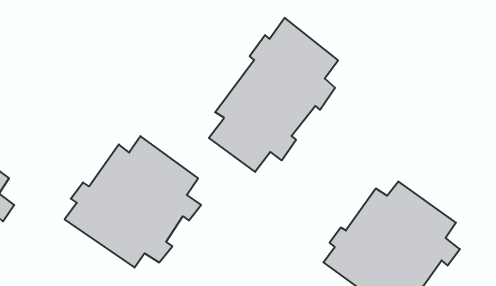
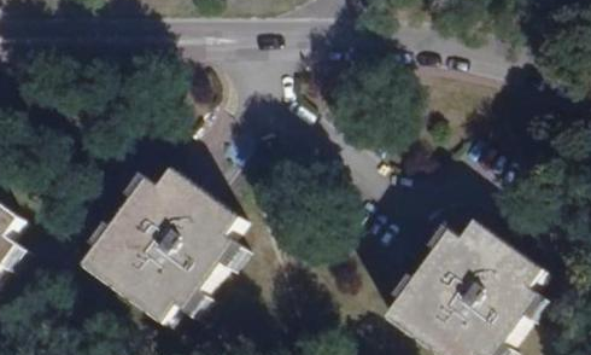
building: [209,18,338,172] -> none

